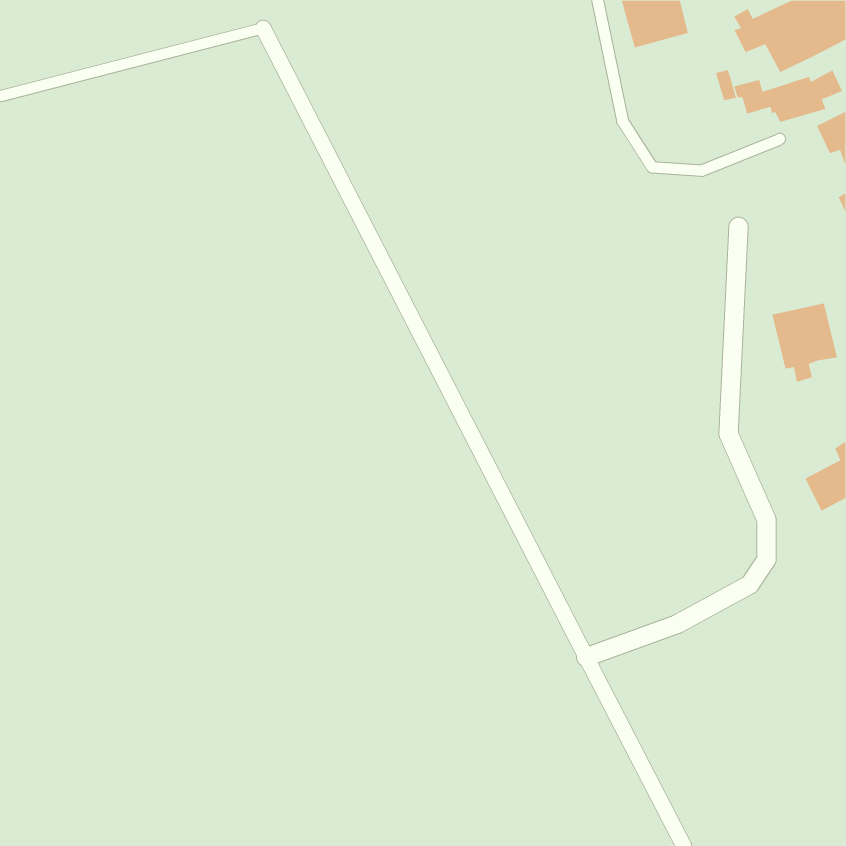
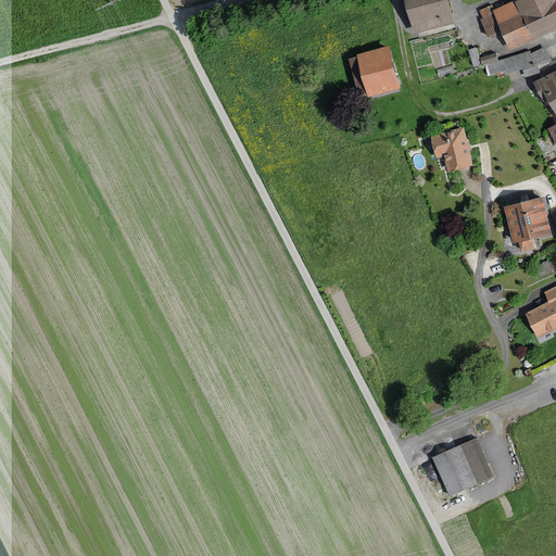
building: none -> [358,48,399,96]
building: none -> [432,128,471,169]
building: none -> [431,437,493,495]

